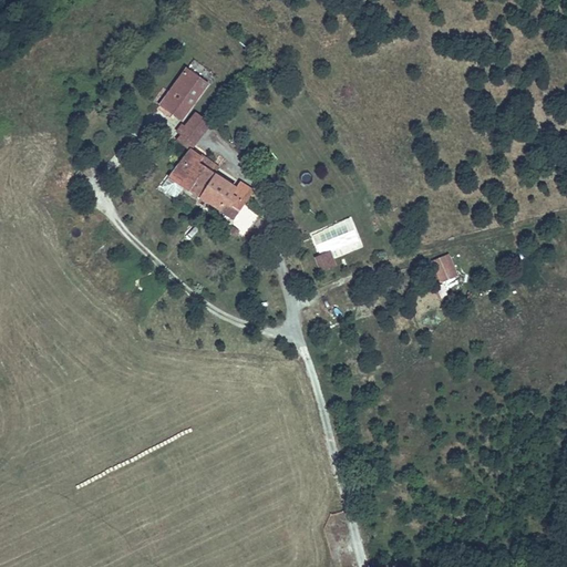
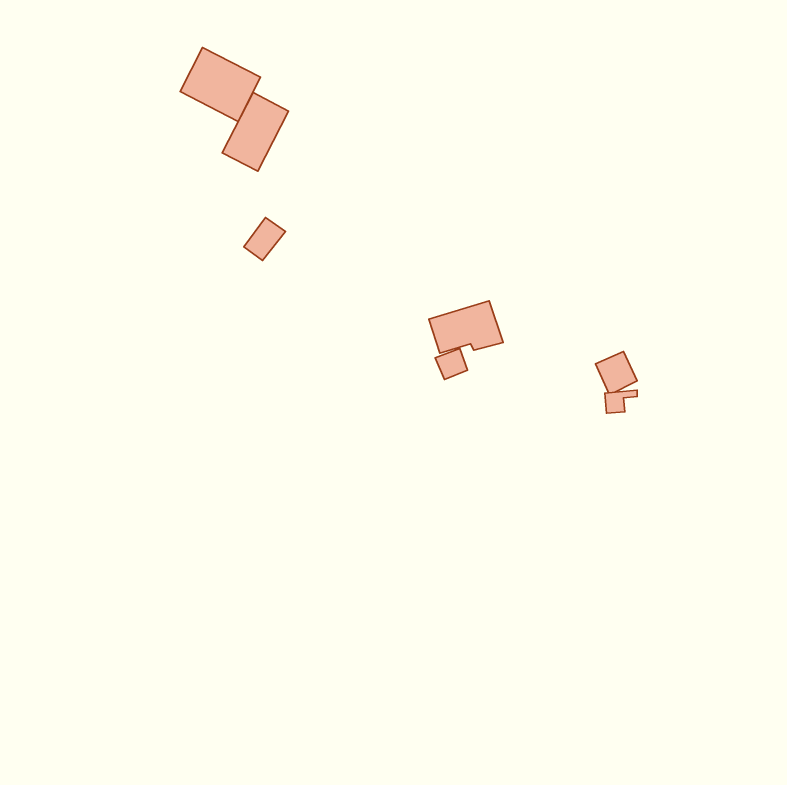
building: none -> [180,48,261,121]
building: [173,111,209,152] -> none
building: [202,181,241,216] -> none

